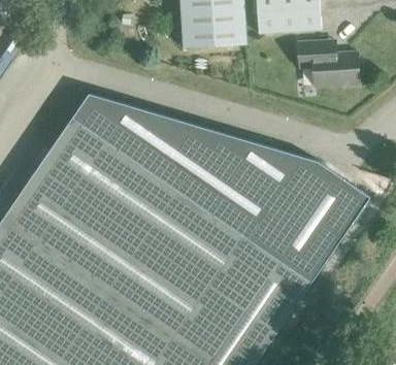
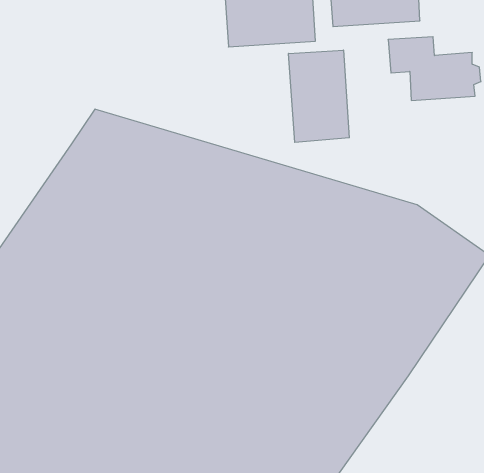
building: none -> [289,50,349,142]

